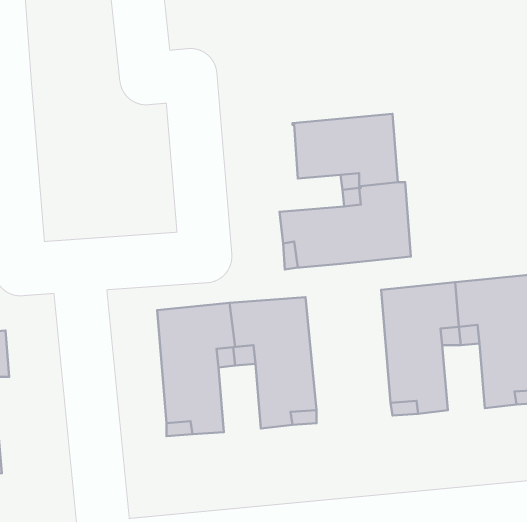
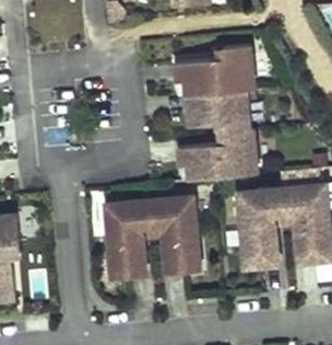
building: none -> [175,45,252,94]

